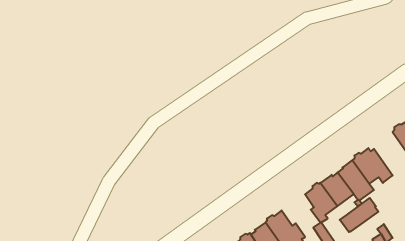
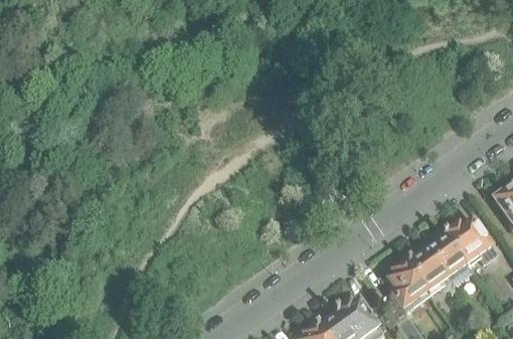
building: [340,198,378,232] -> none

